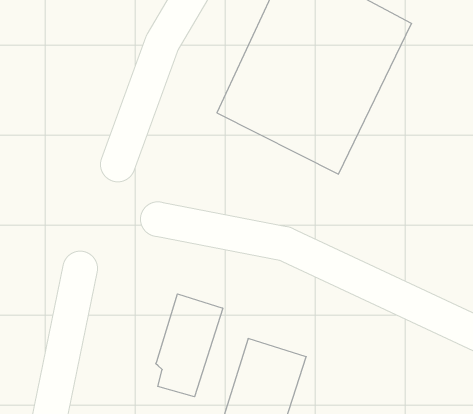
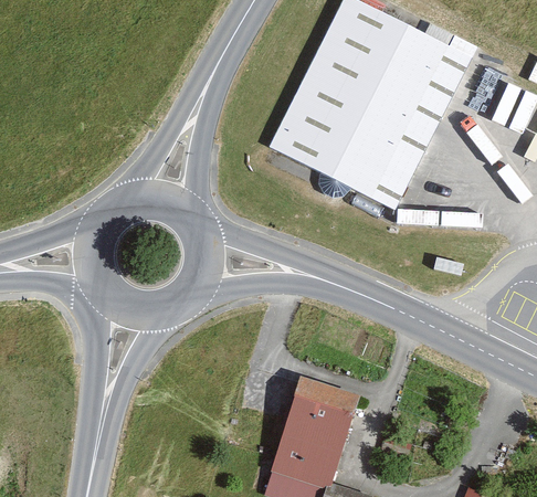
building: [156,294,223,397] -> none

